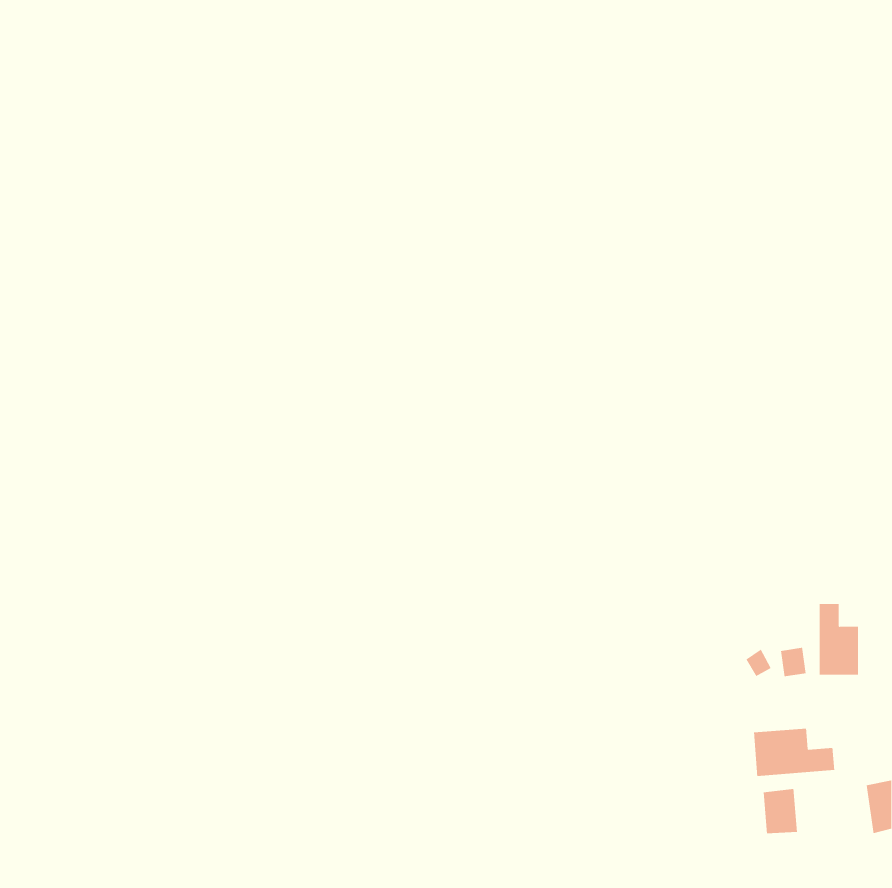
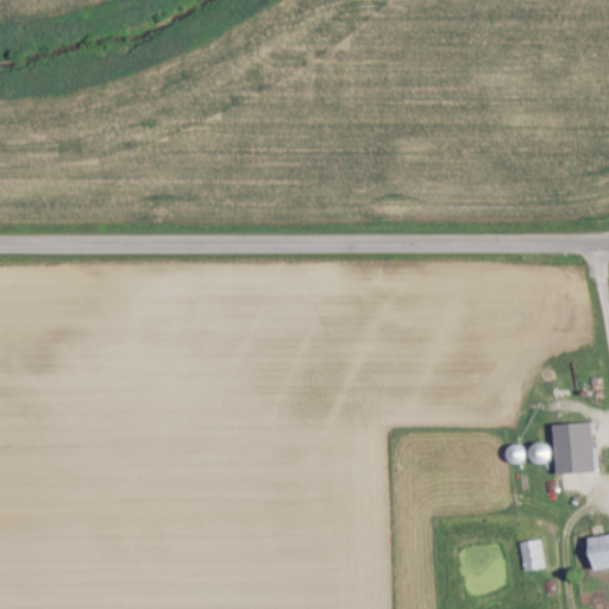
building: [753,728,835,777] -> none

